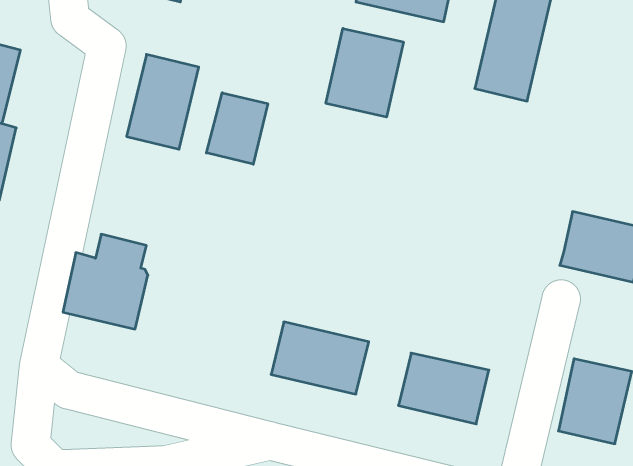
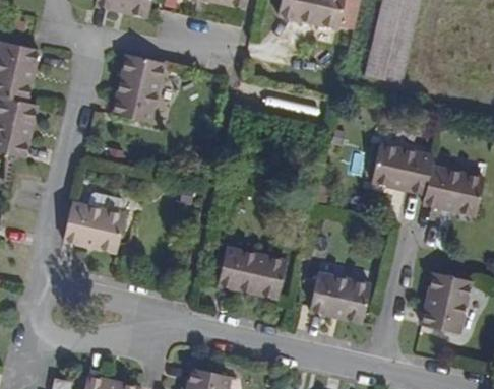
building: [326,28,403,117] -> none
building: [206,93,268,164] -> none
building: none -> [369,144,433,195]

